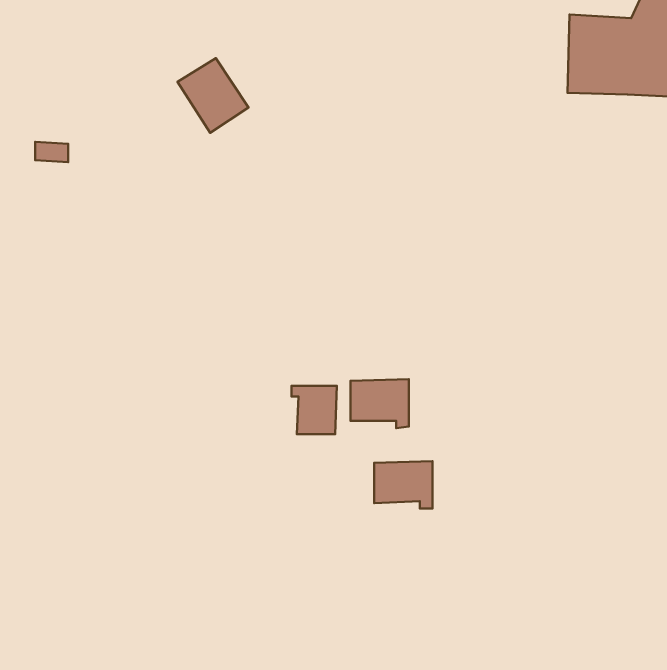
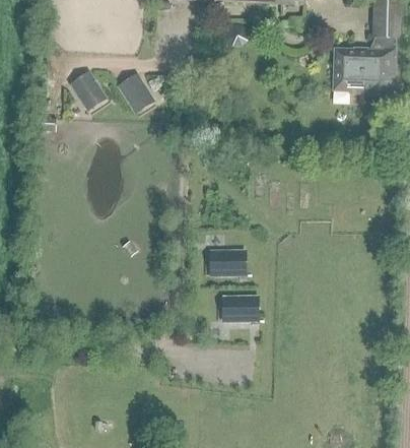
building: none -> [68,68,108,110]
building: [292,386,337,434] -> none

